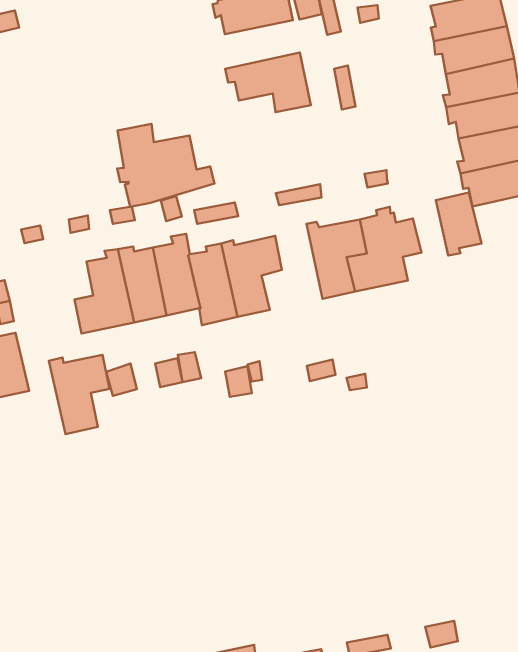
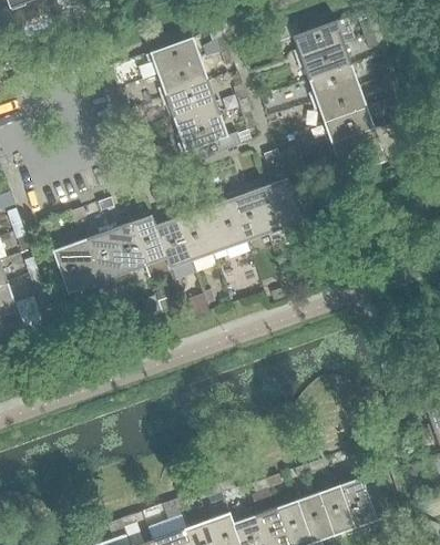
building: none -> [157,58,209,96]
building: [117,124,214,207] -> [173,109,243,166]
building: [436,193,482,255] -> none
building: none -> [204,193,247,254]
building: [49,355,110,434] -> [50,238,93,295]

